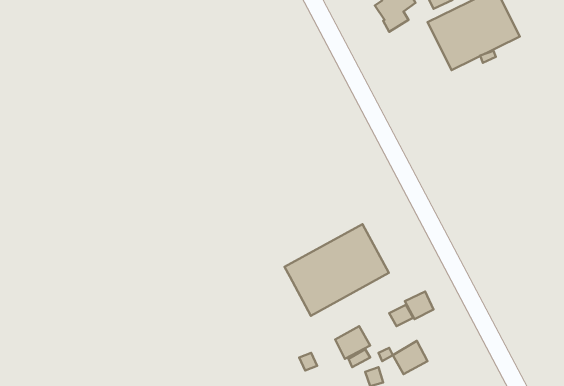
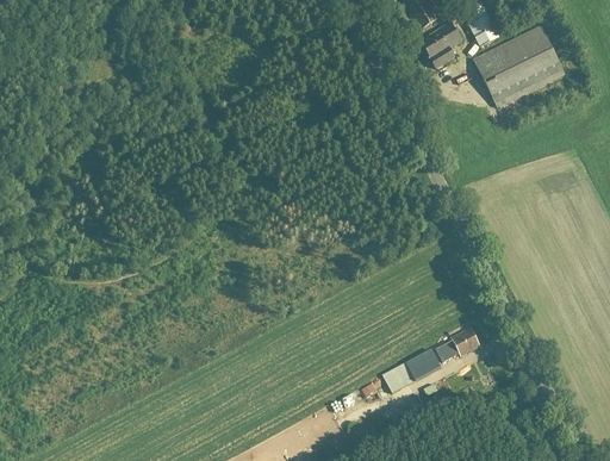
building: [285,224,389,316] -> none
building: [393,341,428,374] -> [406,348,441,381]

